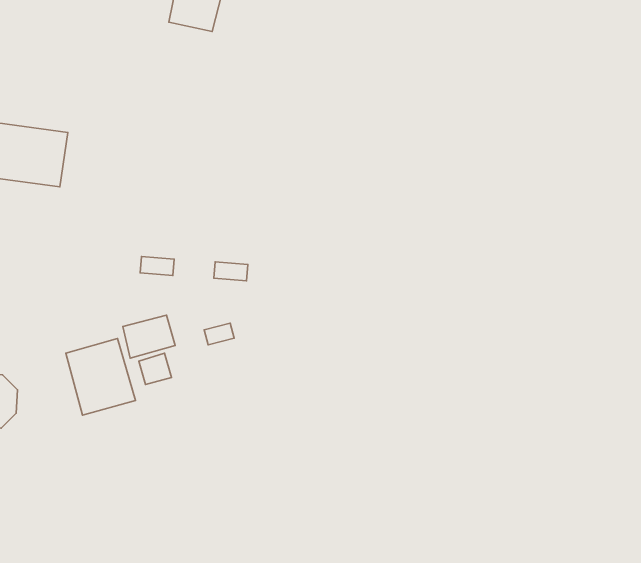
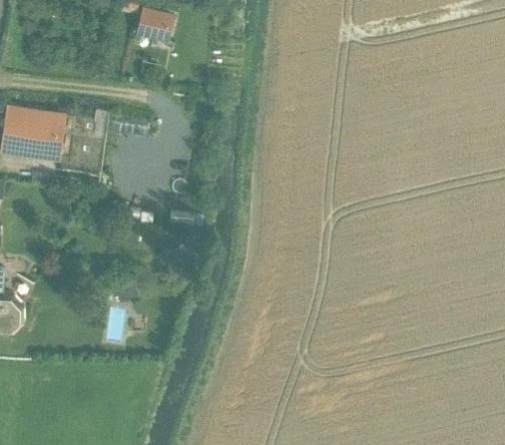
building: [123,315,175,358] -> none
building: [66,339,136,415] -> none

